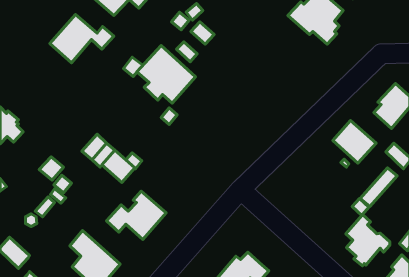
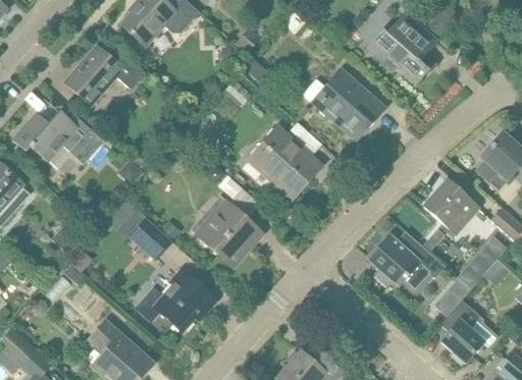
building: none -> [304,67,387,142]
building: [137,45,196,103] -> [248,125,322,199]
building: none -> [13,110,105,163]
building: none -> [196,199,263,266]
building: none -> [369,232,439,287]

